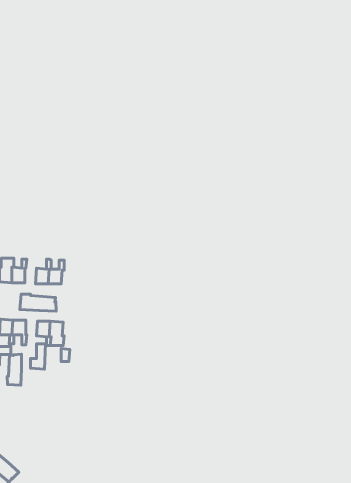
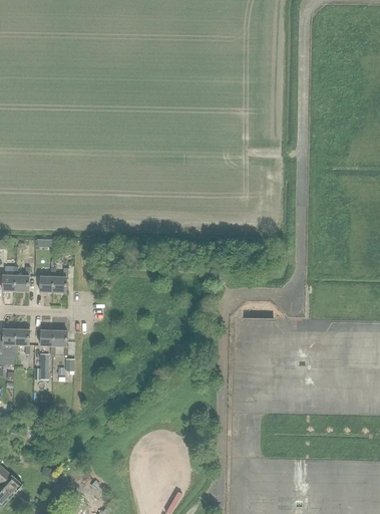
building: [20,294,56,311] -> none
building: [7,354,21,385] -> none

